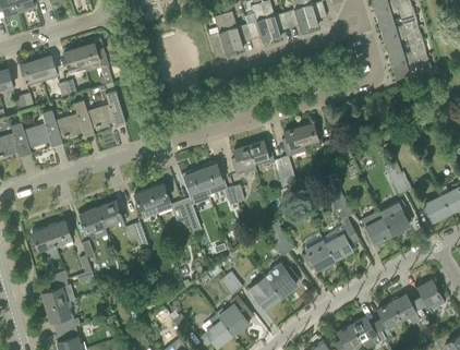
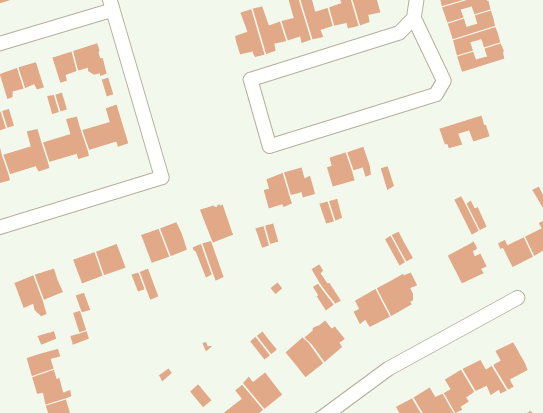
building: [391,55,433,82] -> [439,115,490,149]
building: [201,162,227,193] -> none
building: [362,212,391,244] -> none

